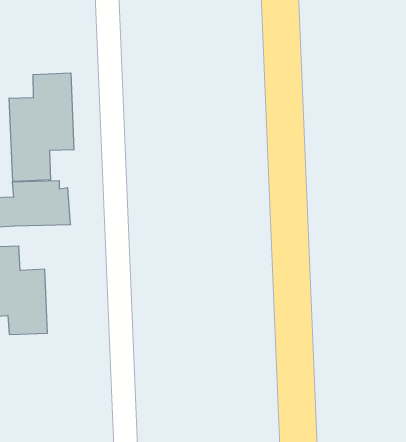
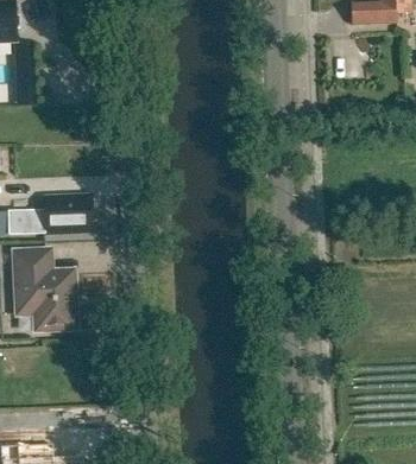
building: [9,73,74,182] -> none

